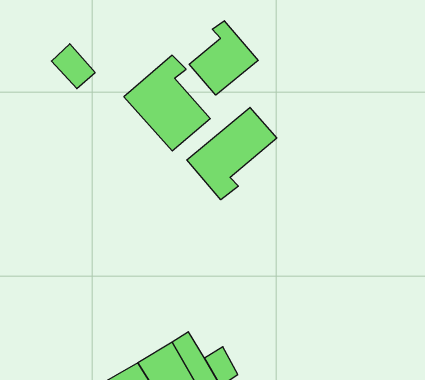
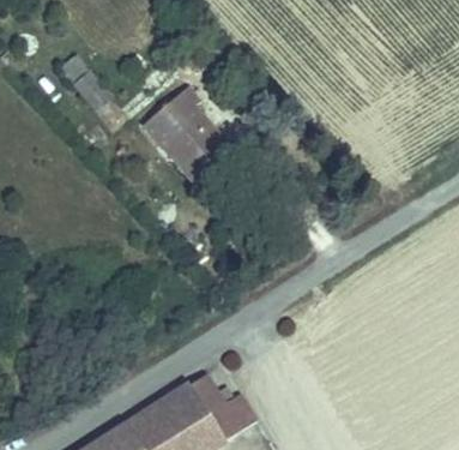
building: [189,21,258,95] -> none
building: [187,107,277,200] -> none

